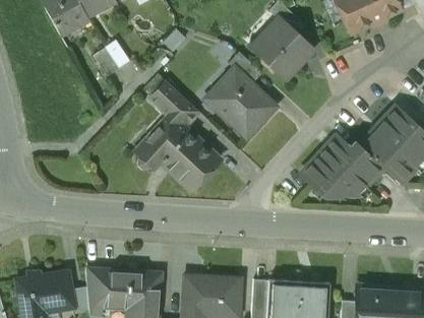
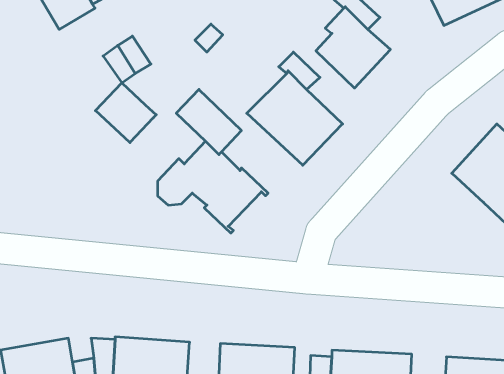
building: none -> [95,83,156,143]
building: [300,136,384,197] -> none

